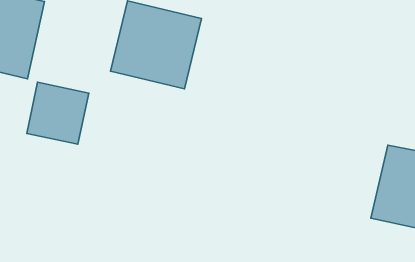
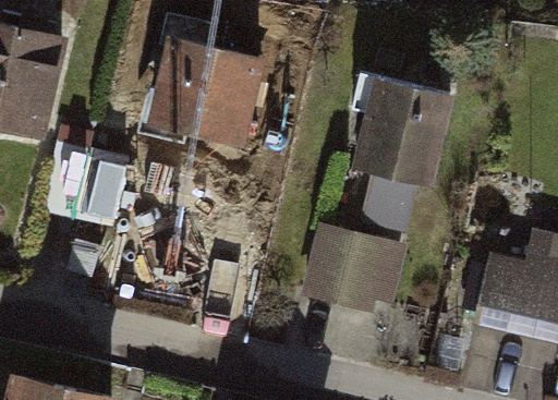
building: none -> [356,68,475,197]
building: none -> [313,219,401,303]

